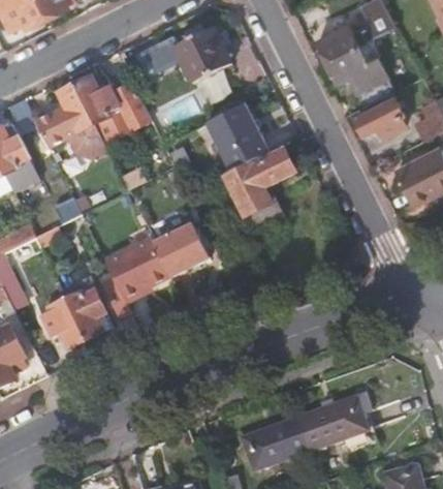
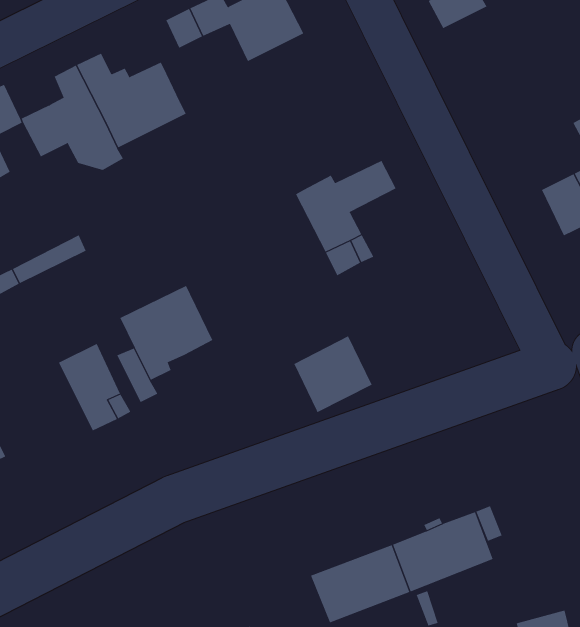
building: [327,44,384,105] -> none
building: [355,96,405,135] -> none
building: [205,103,268,172] -> none
building: [153,224,208,278] -> [293,336,372,413]
building: [40,300,85,348] -> none

